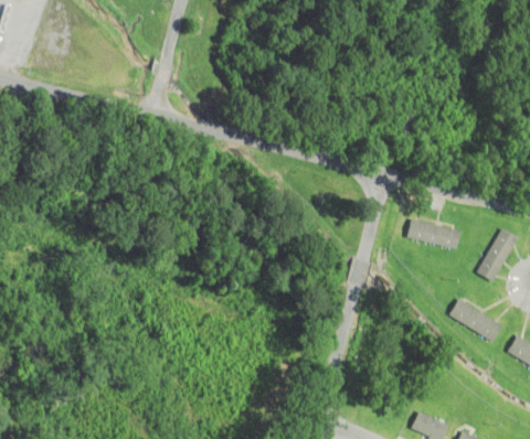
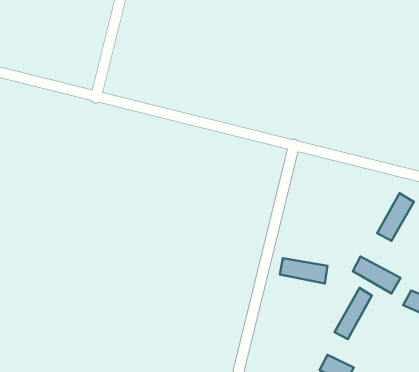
building: [406,219,460,248] -> [280,258,328,283]
building: none -> [334,288,372,339]

